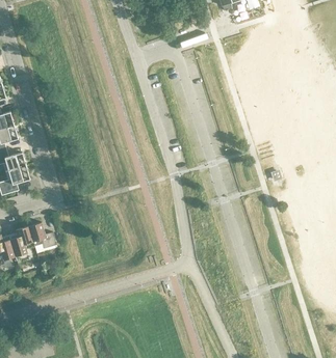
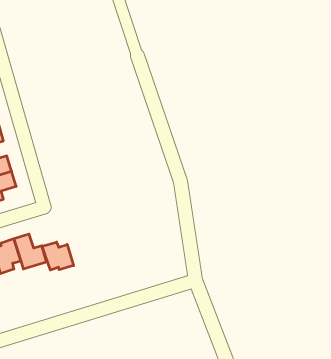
building: none -> [42,242,74,270]

